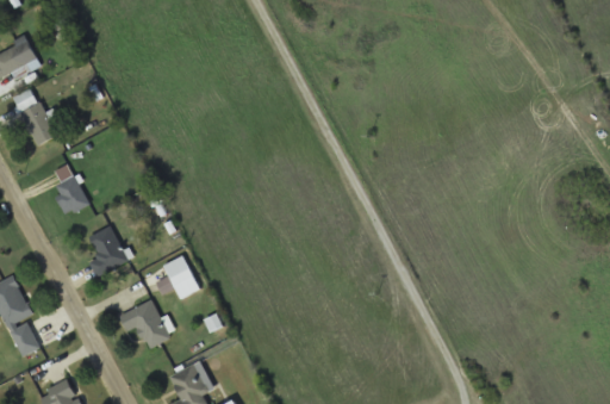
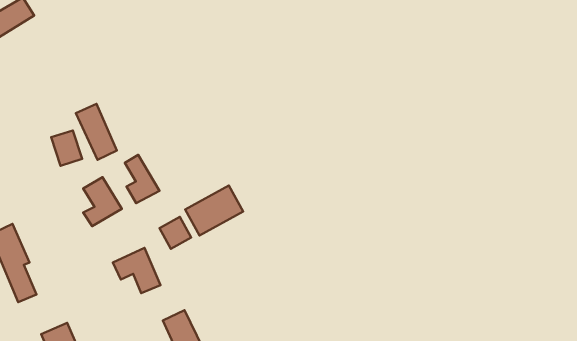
building: [12,88,55,147] -> [76,104,117,160]
building: none -> [125,155,160,203]
building: none -> [185,185,243,236]

